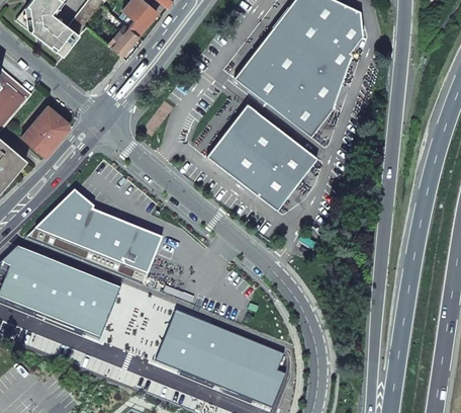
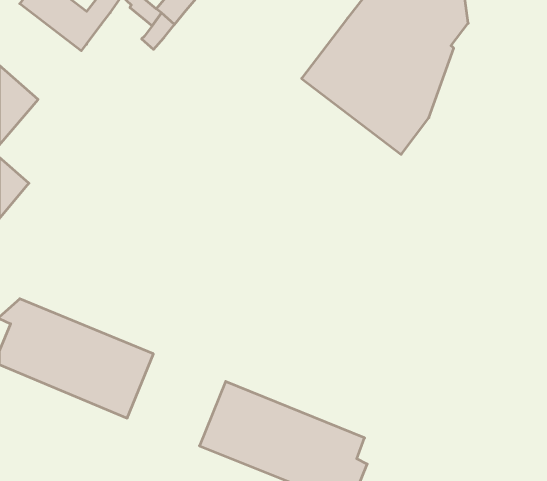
building: [206,102,317,210] -> none
building: [21,104,69,156] -> none
building: [27,191,161,281] -> none

